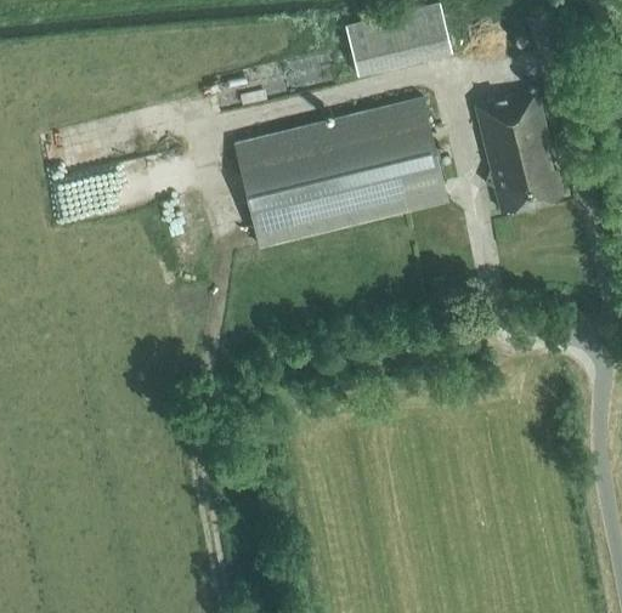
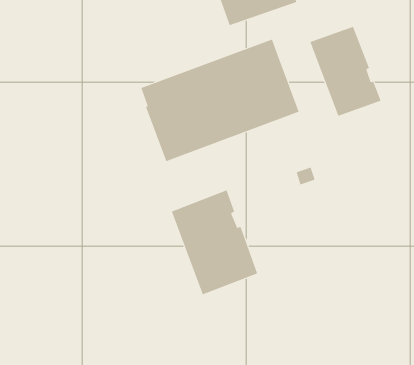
building: none -> [171,190,258,295]

